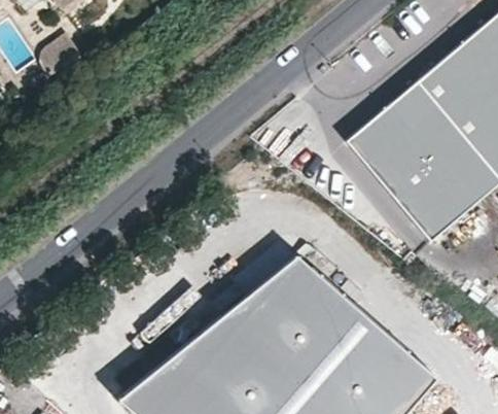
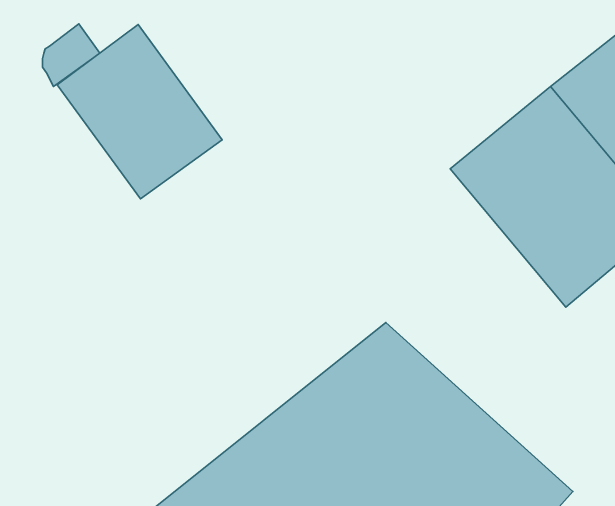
building: none -> [57,24,222,199]

